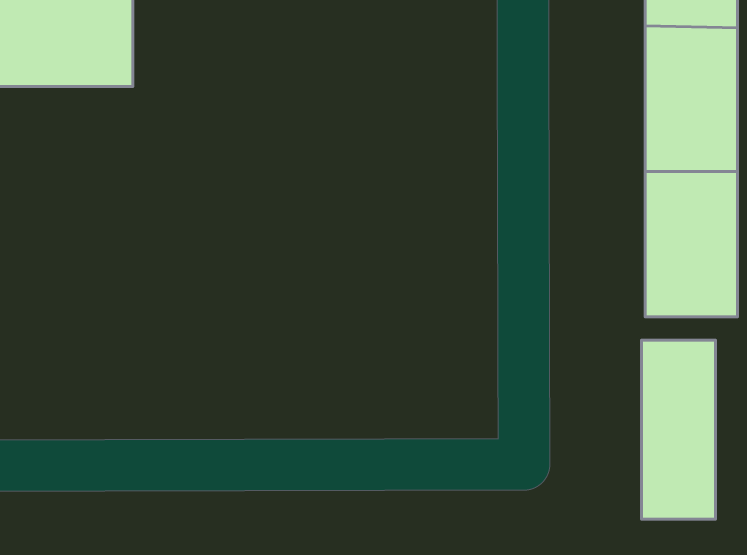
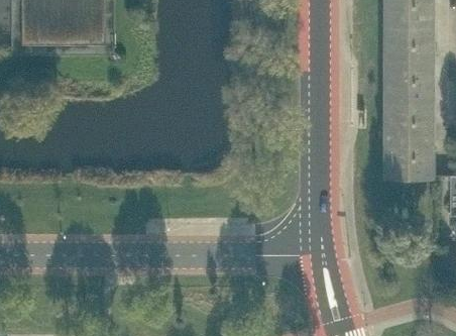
building: [641,340,715,519] -> none

